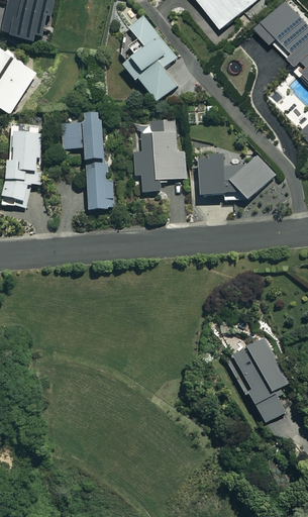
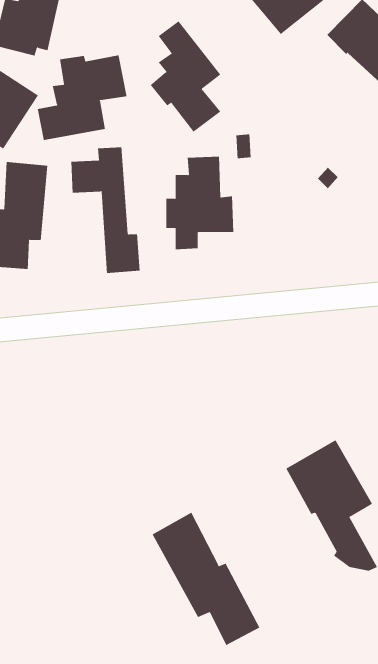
building: none -> [37,55,127,141]
building: [194,151,275,201] -> none
building: none -> [152,512,260,646]

